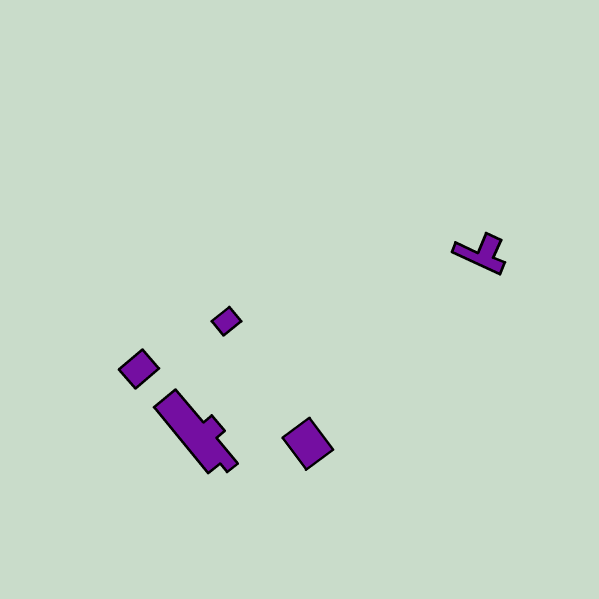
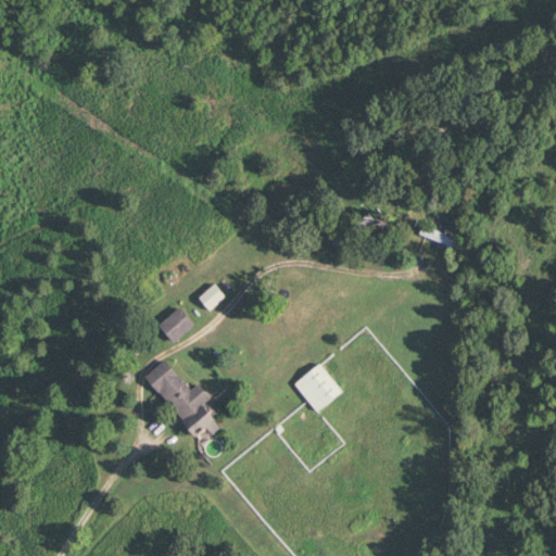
building: [119,350,159,388] -> [157,306,194,342]
building: [283,418,333,470] -> [294,364,341,412]

